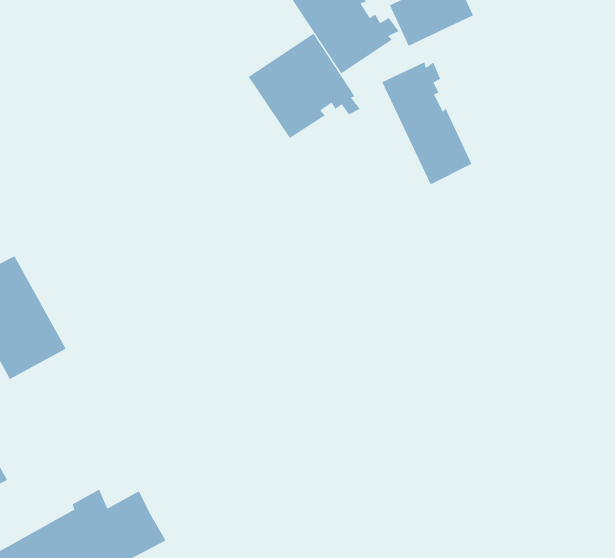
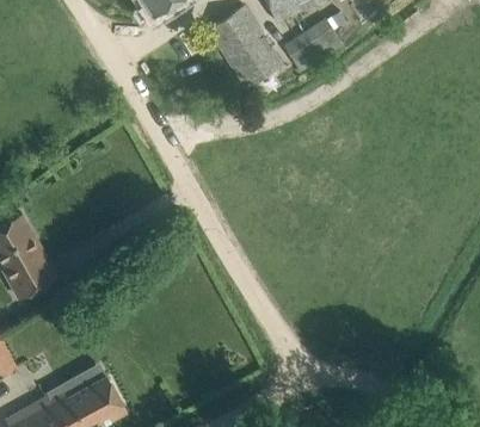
building: [248,33,360,139] -> none
building: [381,62,472,185] -> none

